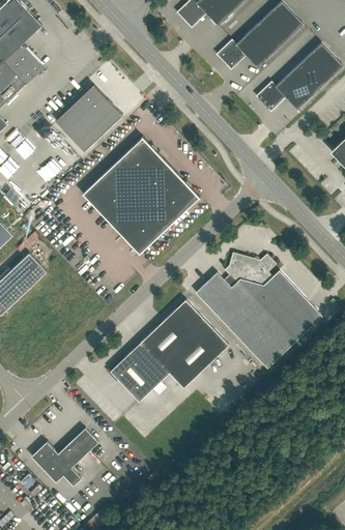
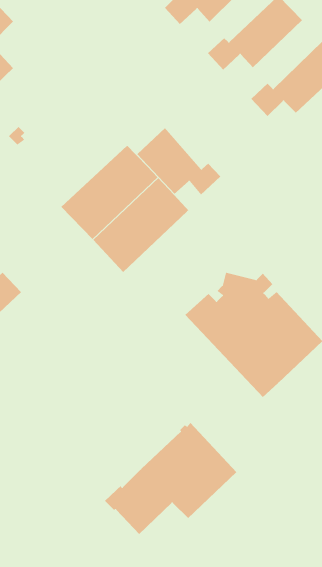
building: [56,84,123,150] -> none
building: none -> [137,127,221,195]
building: [108,299,229,402] -> [104,422,237,535]
building: [32,428,98,485] -> none

